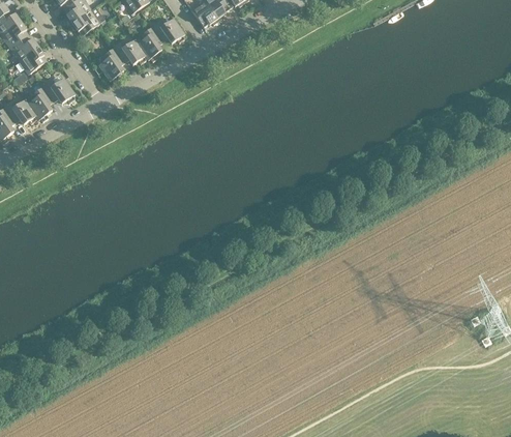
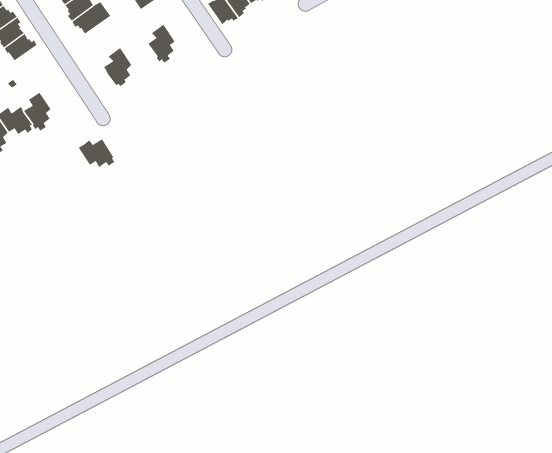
building: [150,18,182,43] -> none
building: [112,39,144,64] -> none
building: [18,45,44,74] -> none
building: [40,78,73,104] -> [78,138,115,168]

